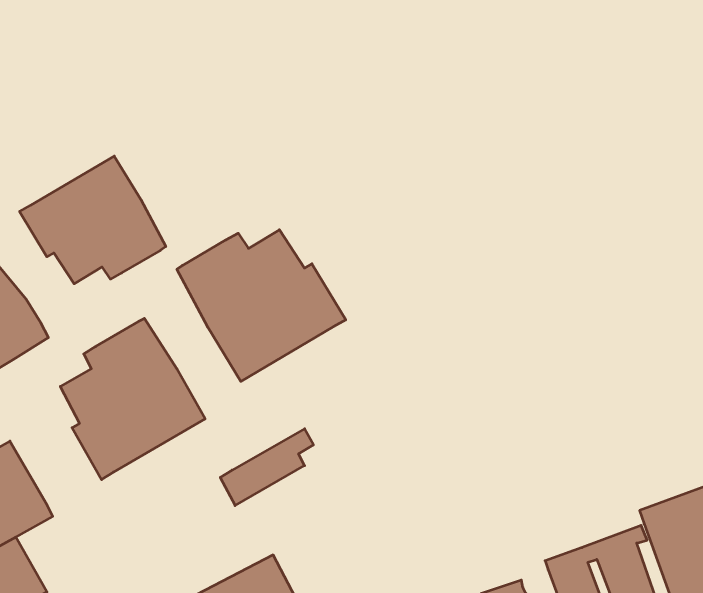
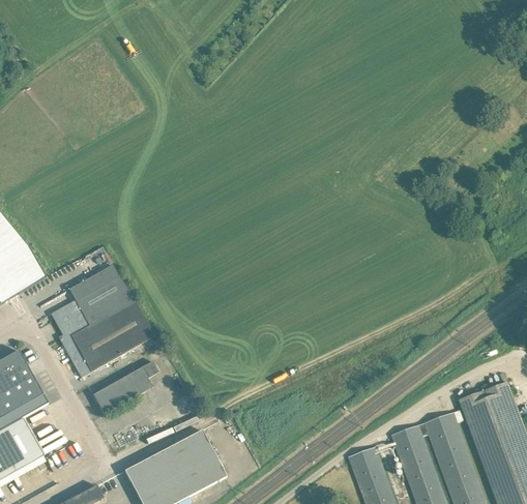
building: [20,156,166,284] -> none
building: [177,230,346,381] -> none
building: [220,429,313,506] -> [92,360,157,414]

